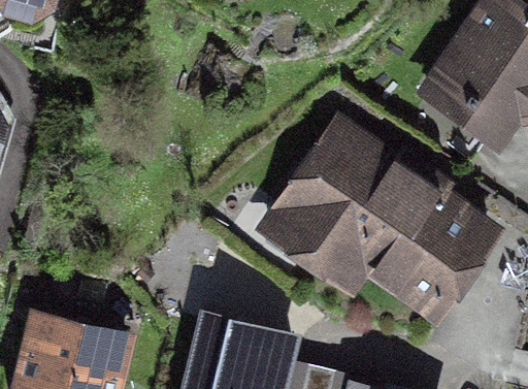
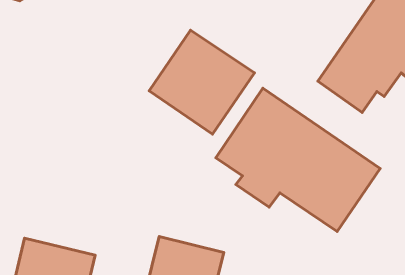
building: none -> [149,30,254,134]

